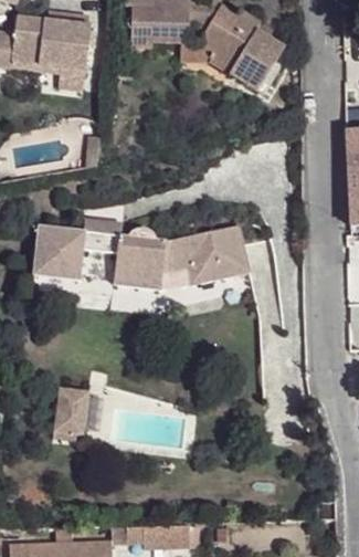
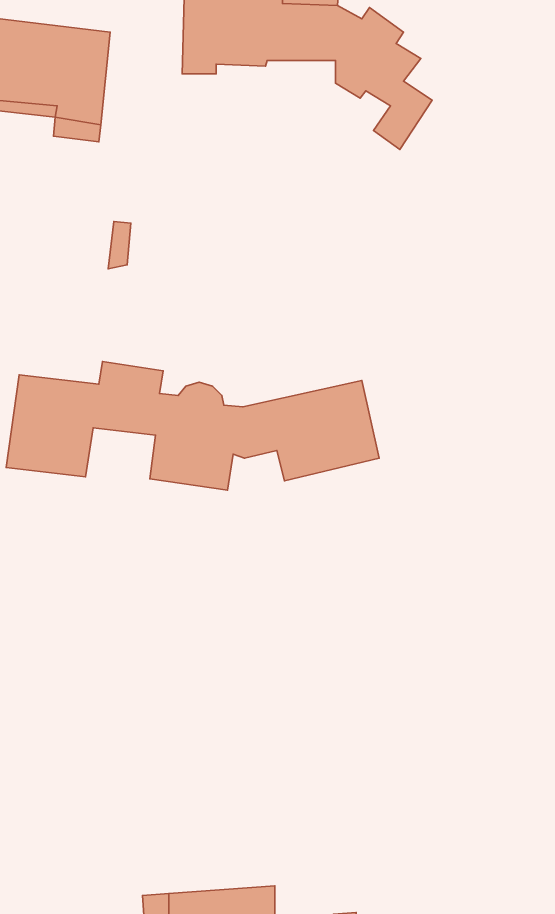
building: [180,40,235,74] -> none
building: [54,374,89,427] -> none

